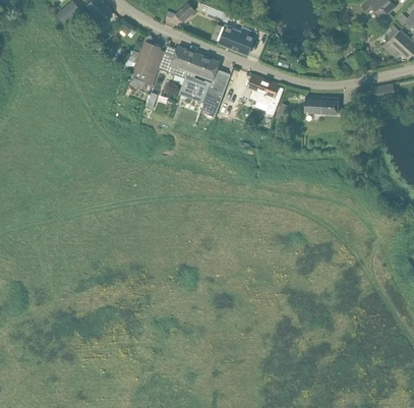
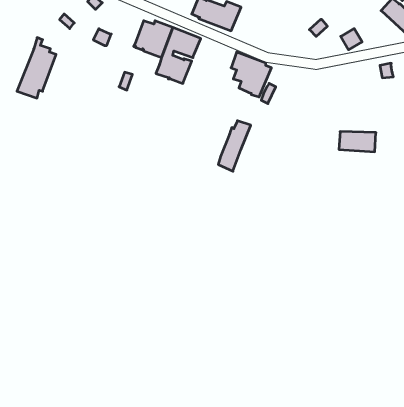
building: [129,37,165,92] -> [17,38,56,98]
building: [201,70,231,116] -> [218,121,251,171]
building: [304,97,338,115] -> [339,132,376,152]

